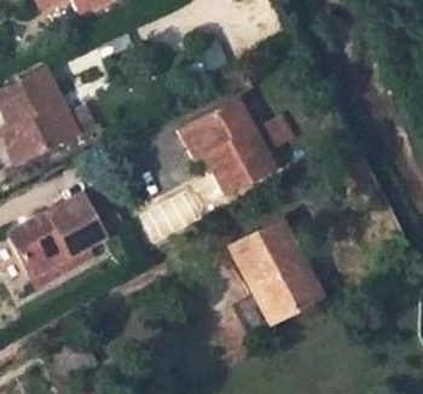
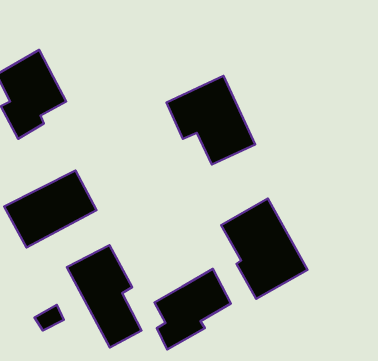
building: none -> [67,245,142,347]
building: none -> [155,269,231,349]

